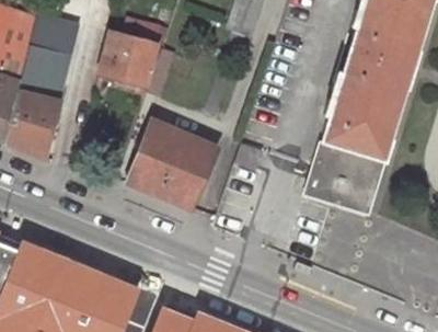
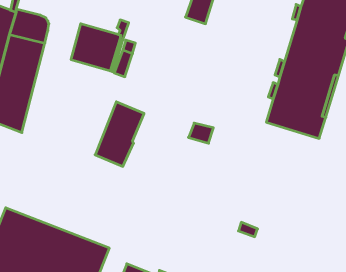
building: [159,134,217,208] -> none
building: [307,144,382,209] -> none

